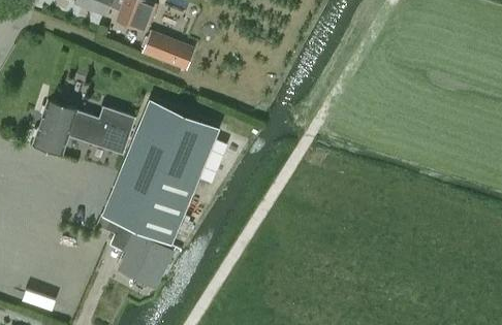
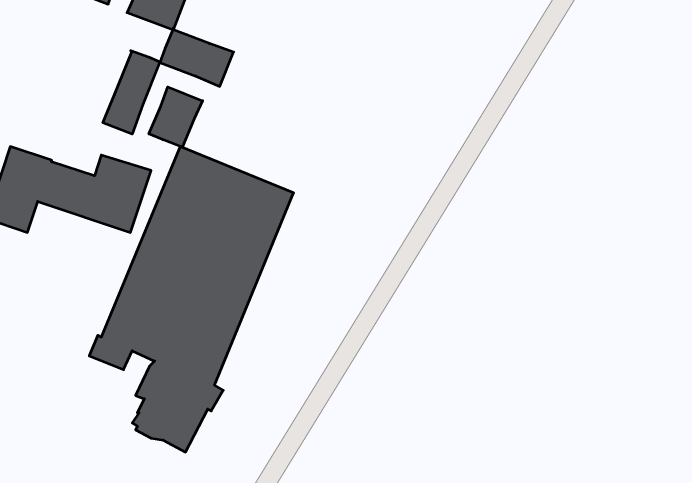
building: none -> [103,51,160,134]
building: none -> [149,87,203,148]

